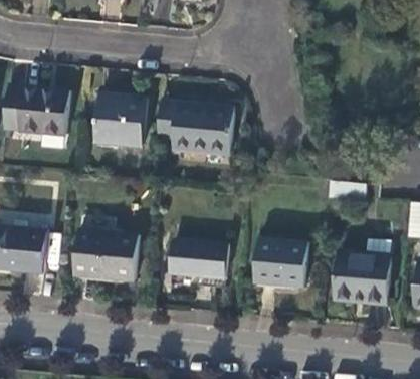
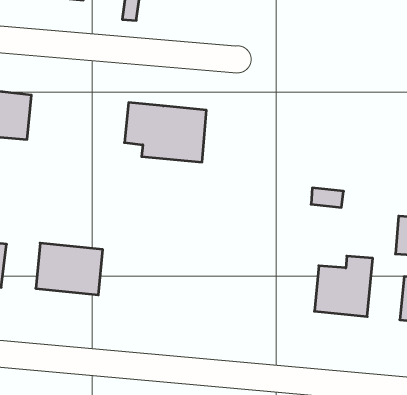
building: [95,94,144,145] -> none
building: [169,239,227,278] -> none
building: [254,239,304,285] -> none

